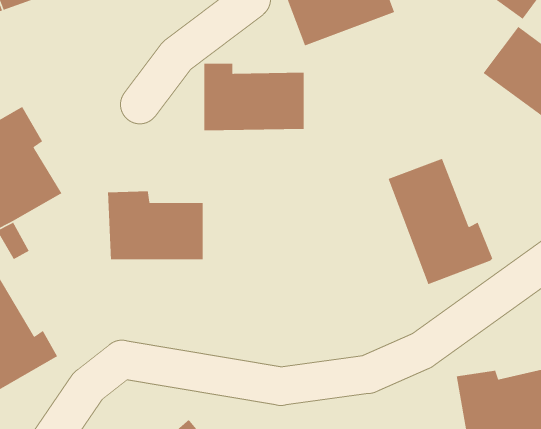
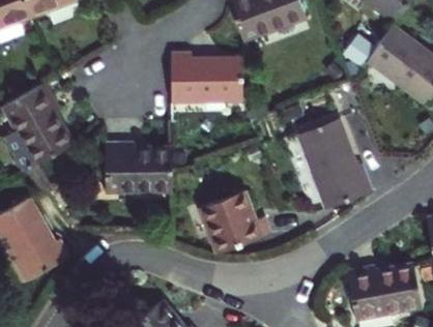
building: none -> [201,191,271,254]

